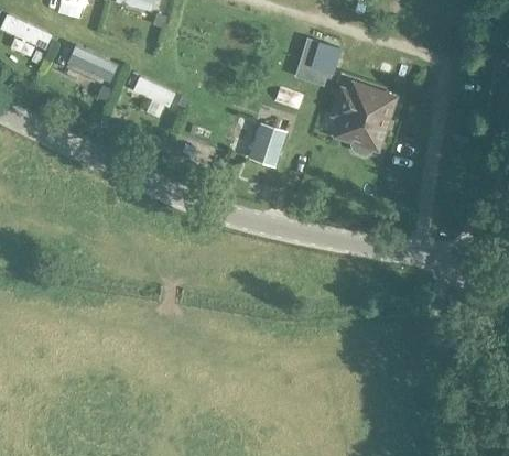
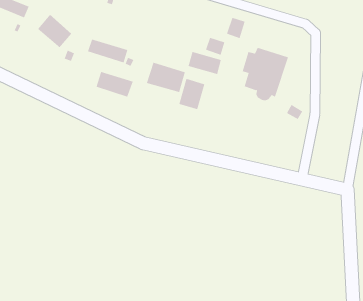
building: none -> [188,51,222,75]
building: none -> [146,62,186,93]
building: none -> [96,71,133,98]

